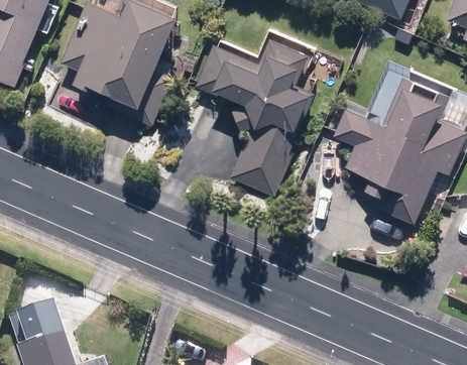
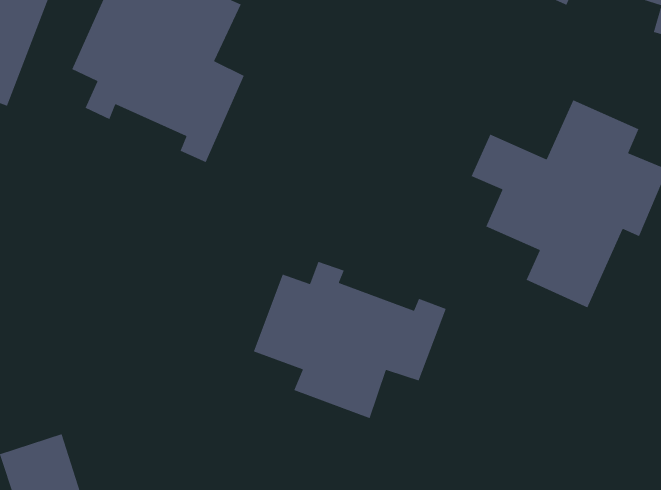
building: [197,36,313,195] -> none
building: none -> [253,261,447,419]

